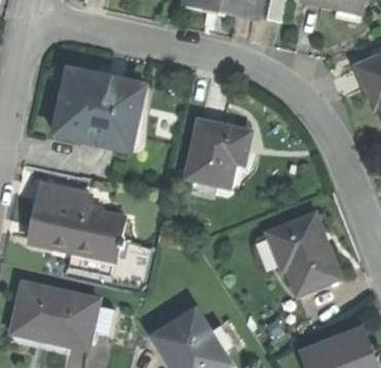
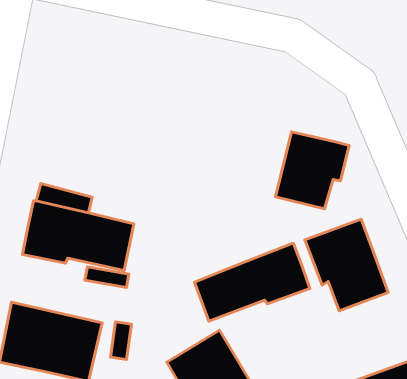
building: [55,70,144,150] -> none
building: [187,121,249,186] -> [276,132,349,209]
building: none -> [194,244,310,321]

